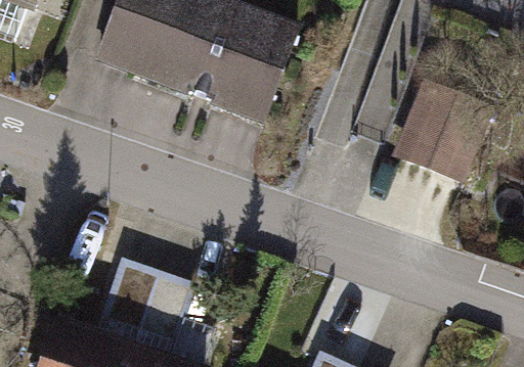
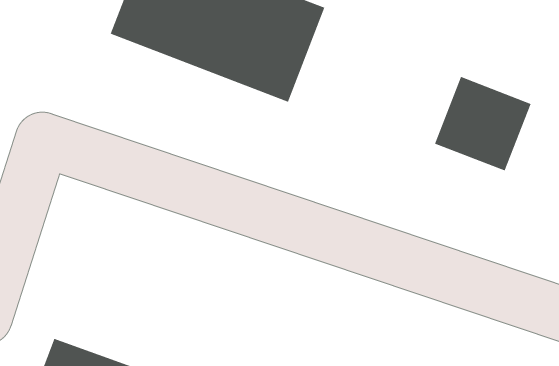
building: [100,265,186,342] -> none

